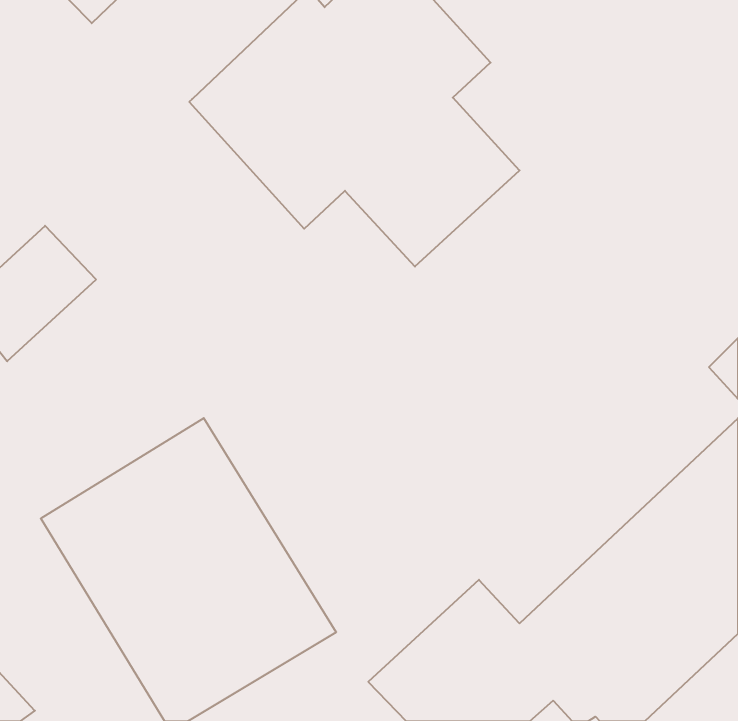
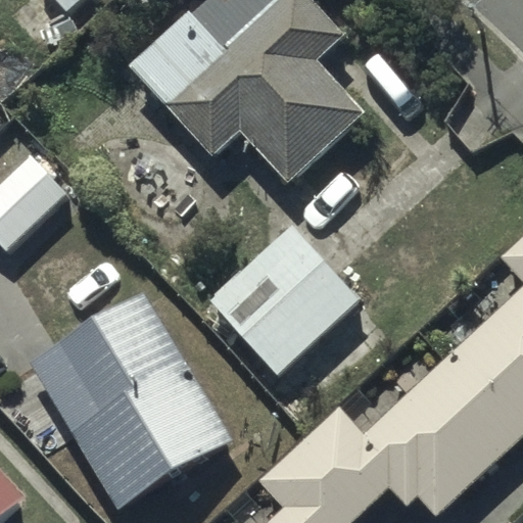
building: none -> [210,229,356,374]

